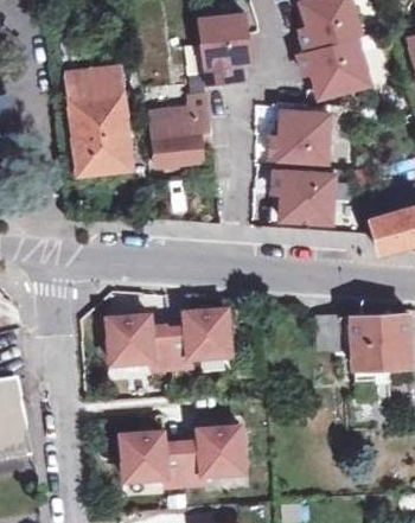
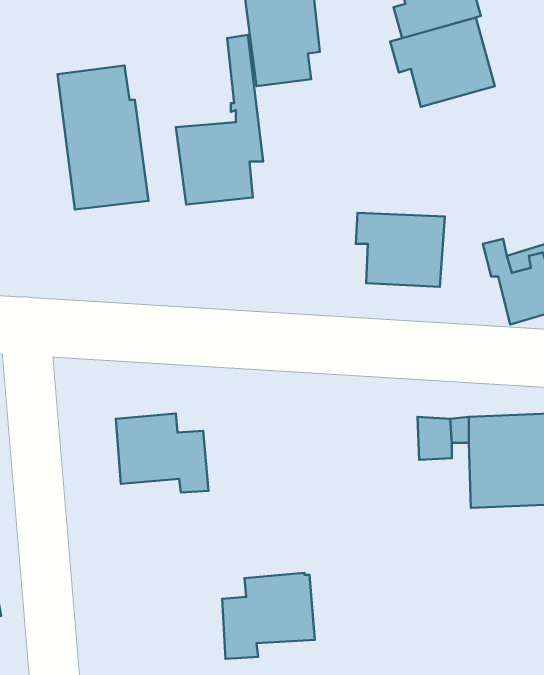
building: [270,114,331,165] -> none
building: [168,308,230,366] -> none
building: [120,430,184,485] -> none

